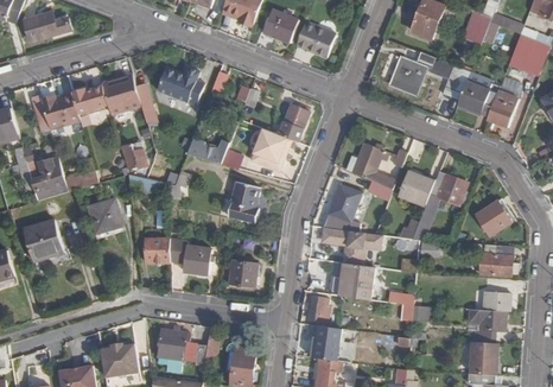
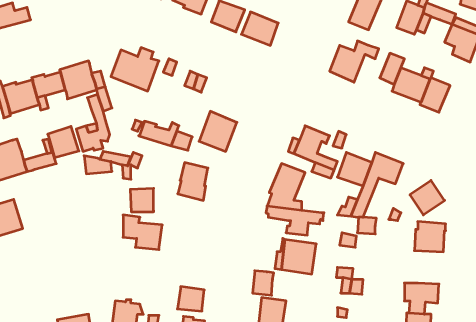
building: [279,104,310,141] -> none
building: [89,199,122,233] -> [48,126,79,158]
building: [145,237,170,262] -> [130,188,154,212]
building: [229,260,258,286] -> [177,287,204,311]
building: [483,291,510,312] -> none

